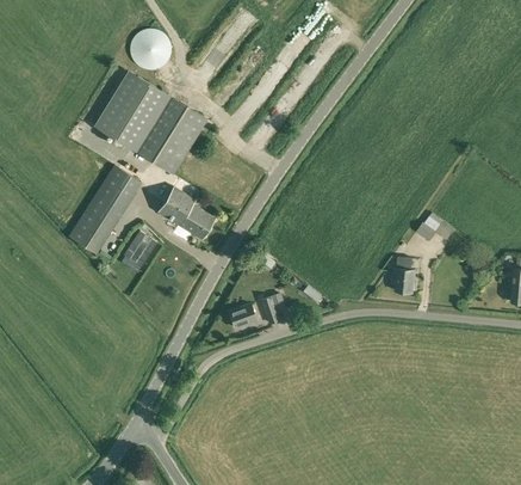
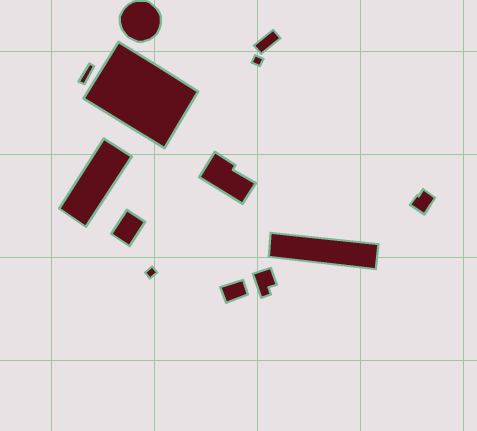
building: [157,186,213,238] -> [199,152,256,204]
building: [391,254,414,291] -> none
building: none -> [269,233,379,269]

